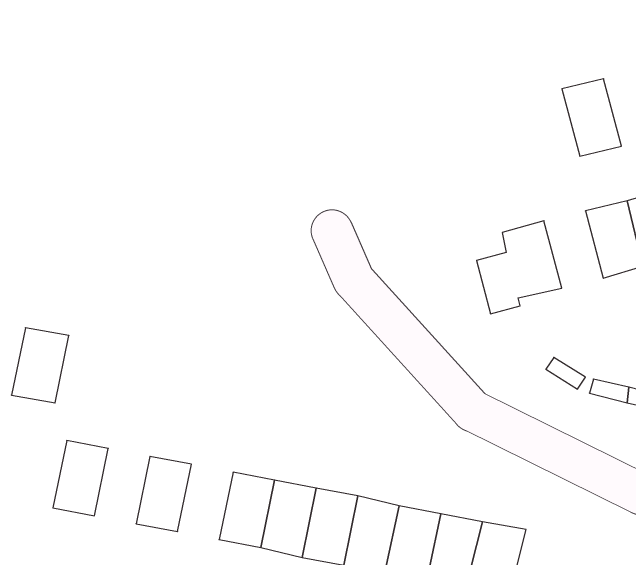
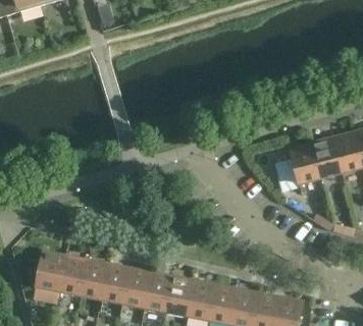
building: [562,79,621,156] -> [311,137,342,176]
building: [11,328,69,403] -> [36,251,65,289]
building: none -> [80,259,108,297]
building: none -> [122,267,151,306]

